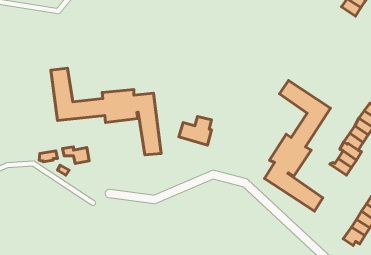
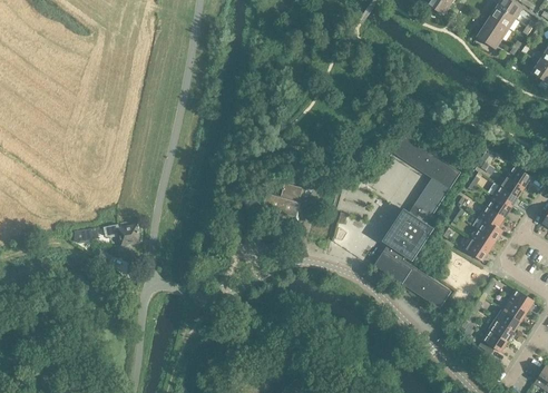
building: [51,68,161,155] -> none

